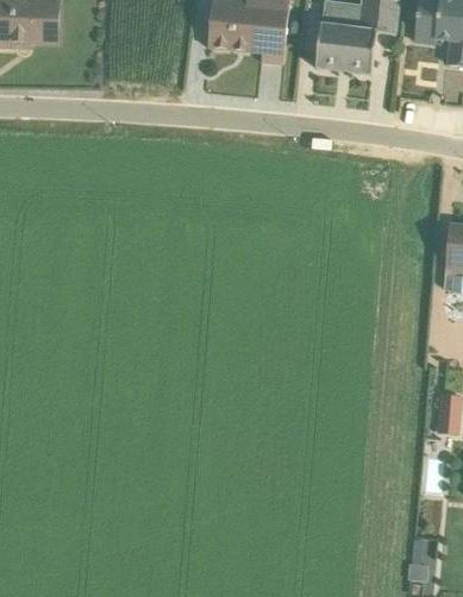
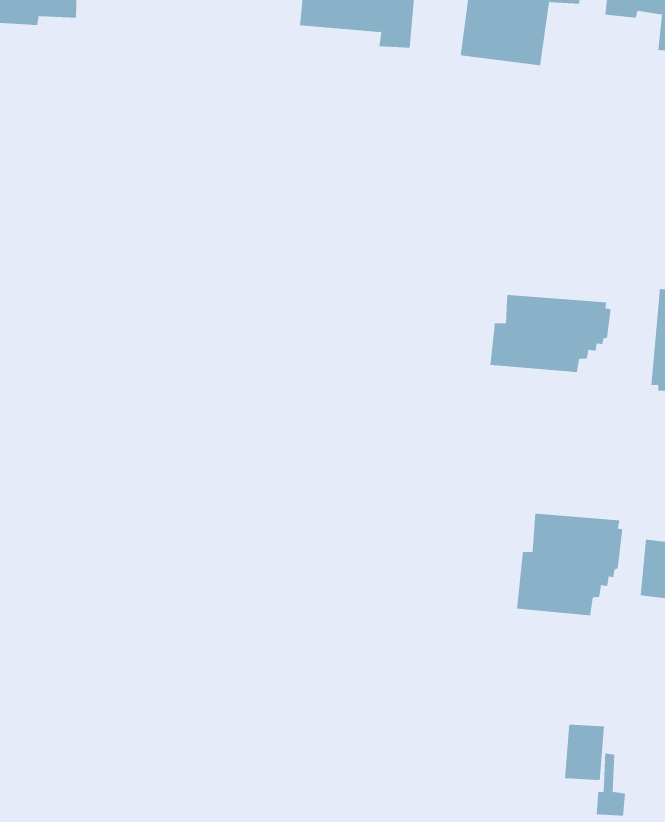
building: none -> [490,294,611,373]
building: none -> [517,513,623,616]
building: none -> [565,724,605,781]

